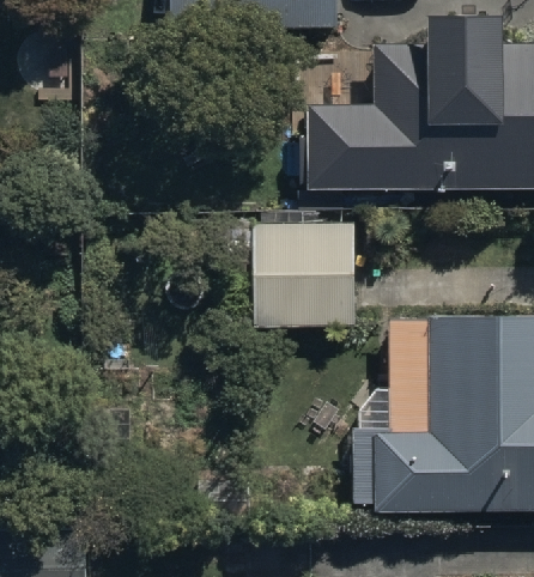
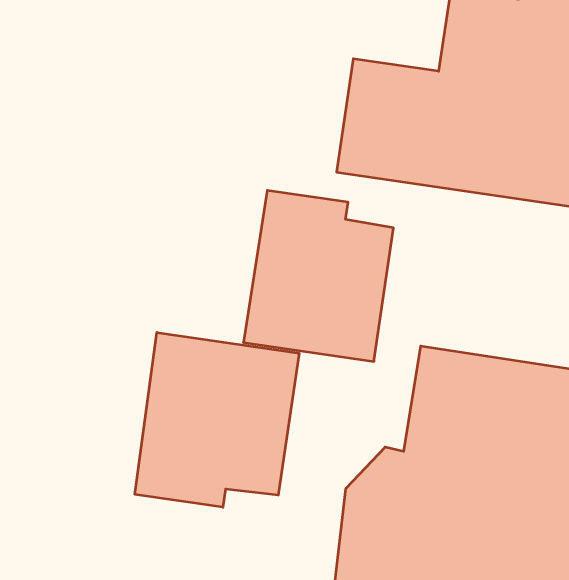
building: none -> [135,332,299,507]

